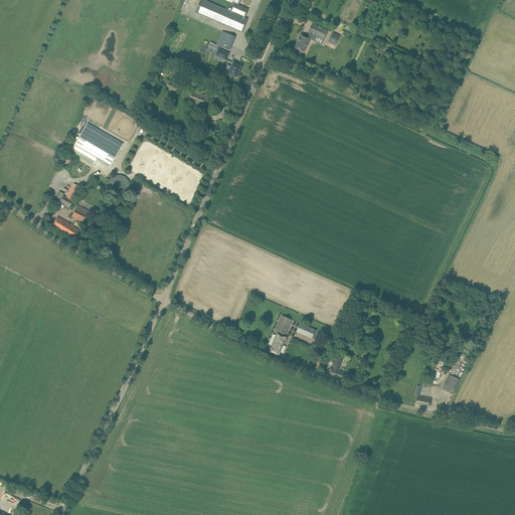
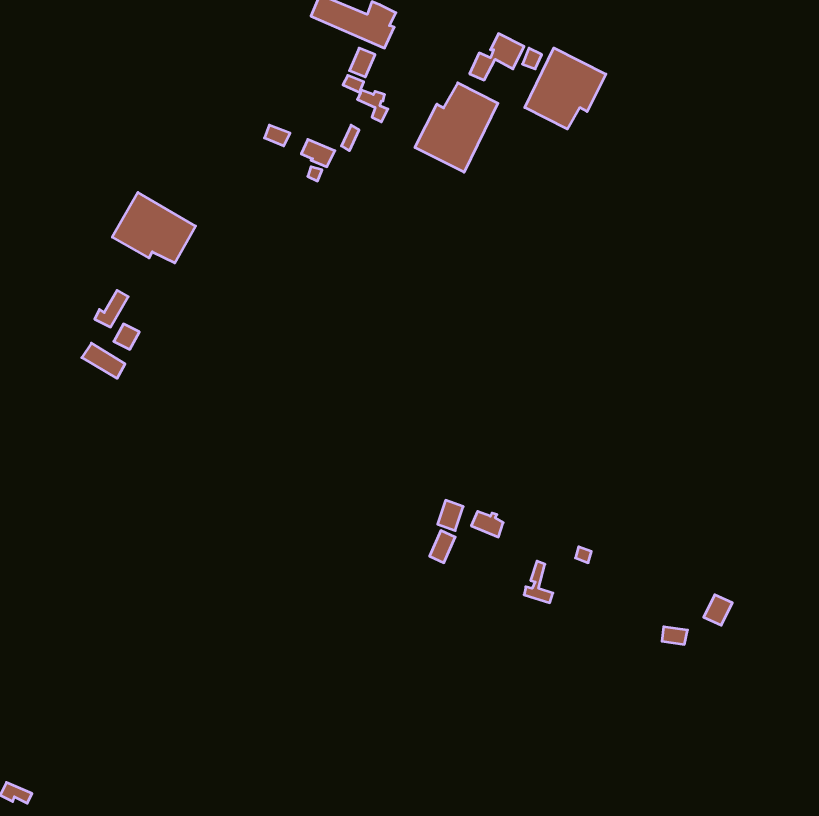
building: none -> [525,48,606,129]
building: none -> [415,83,498,172]

